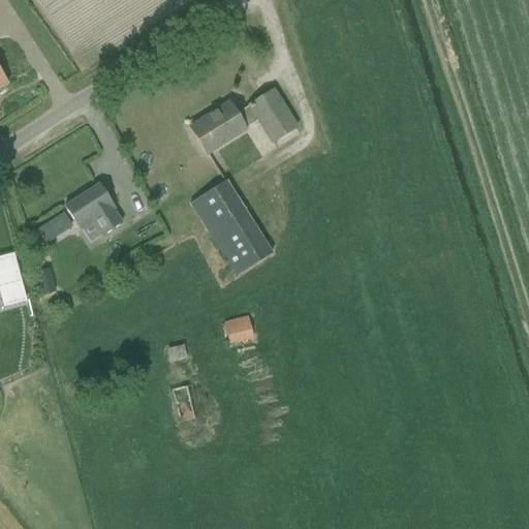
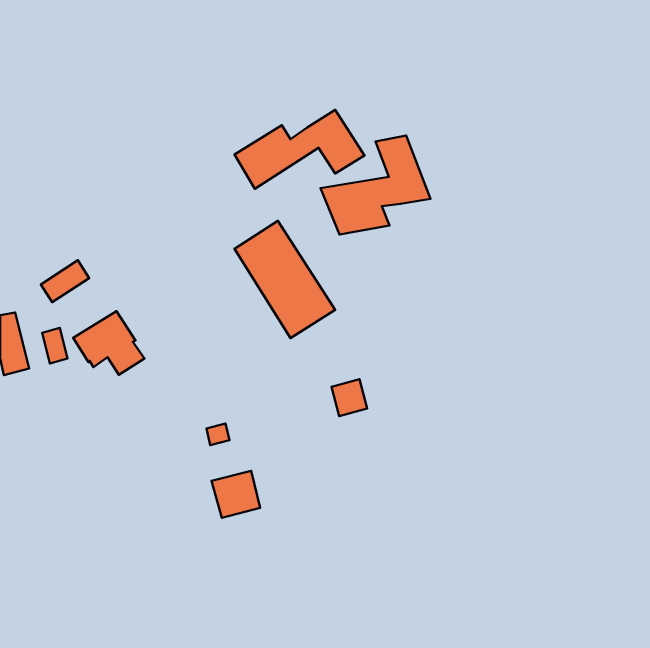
building: none -> [320,136,430,234]
building: [65,183,123,235] -> [73,311,144,375]
building: [224,314,253,344] -> [332,379,367,416]

